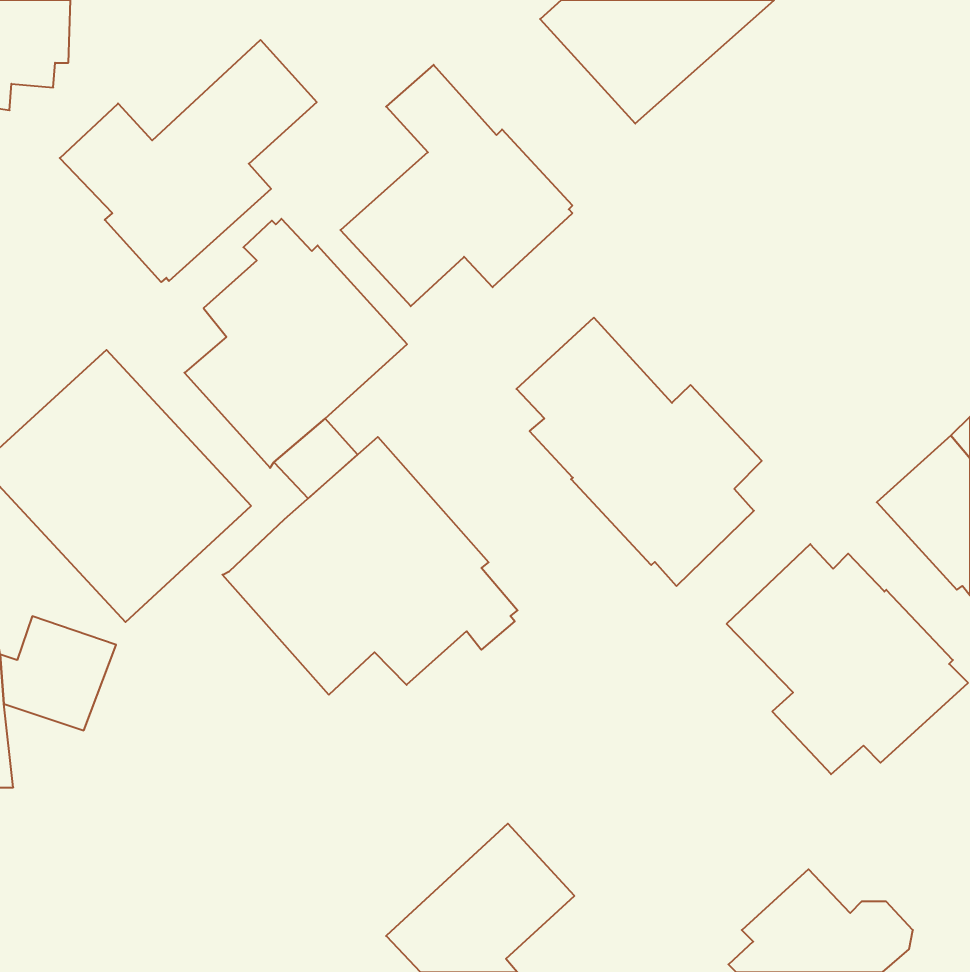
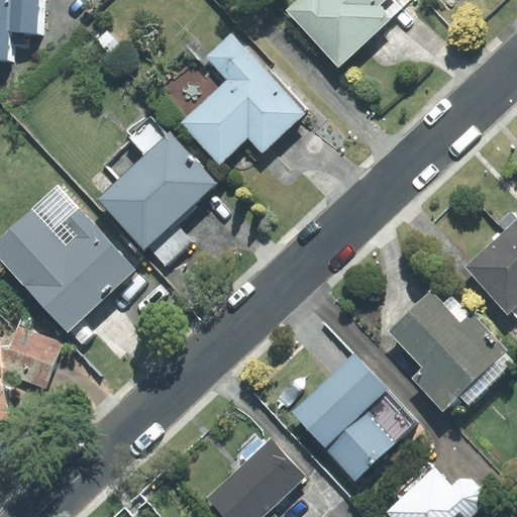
building: [60,40,317,282] -> none
building: [516,318,762,586] -> none
building: [222,437,518,695] -> none
building: none -> [291,354,416,480]

